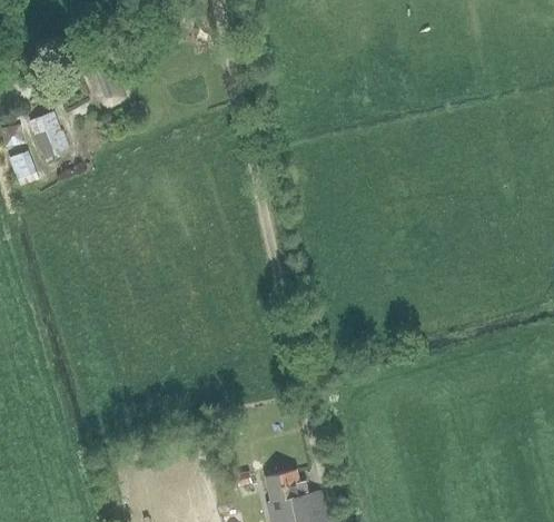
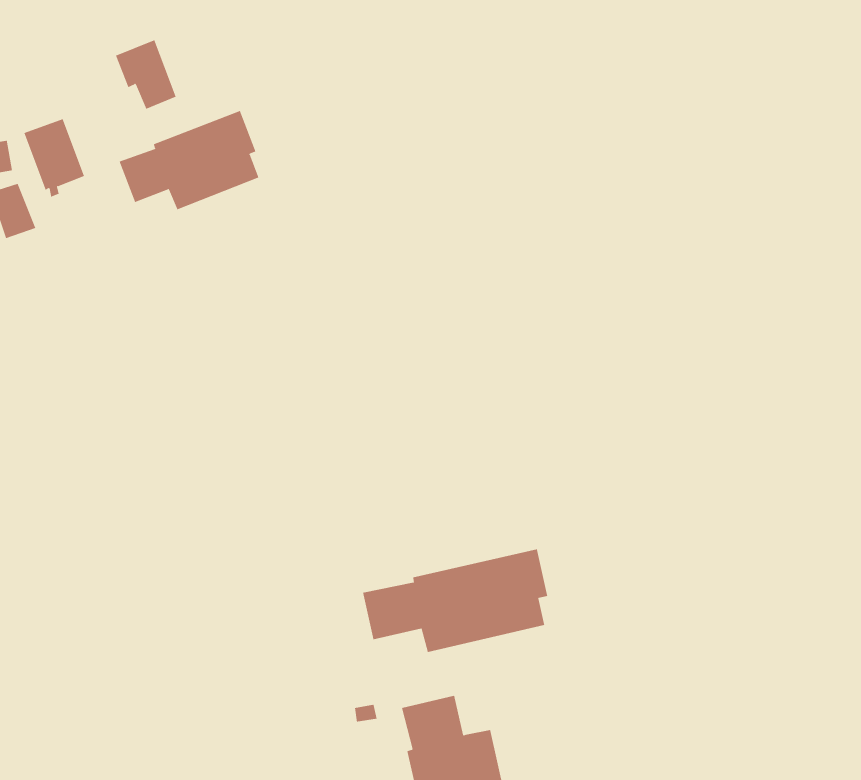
building: none -> [119,110,259,210]
building: none -> [363,549,548,653]

